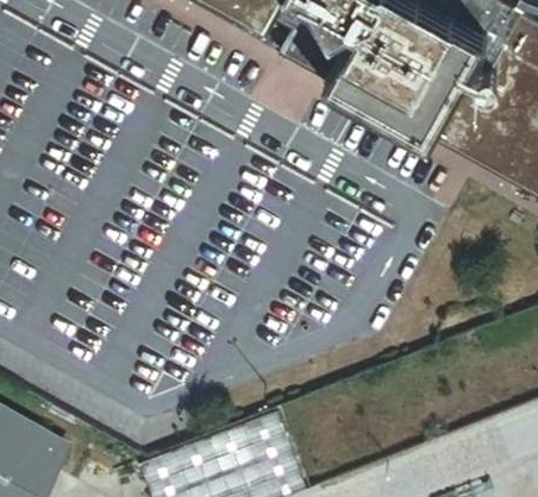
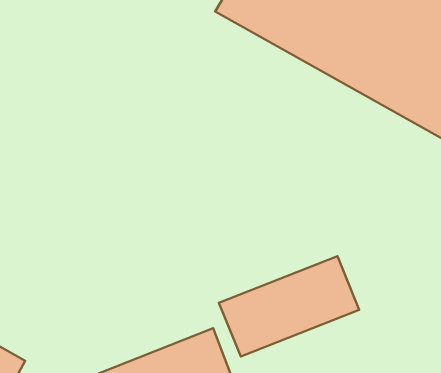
building: none -> [219,256,359,357]

